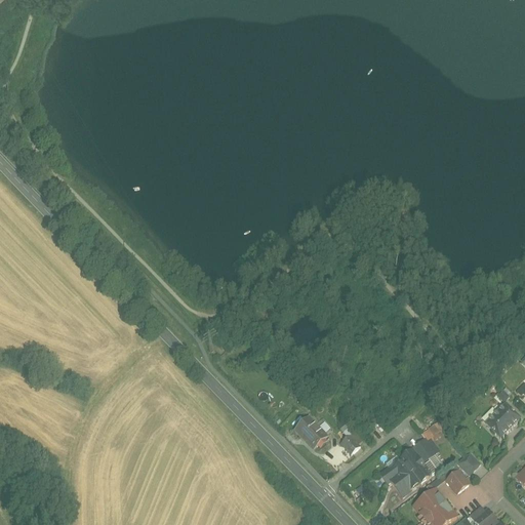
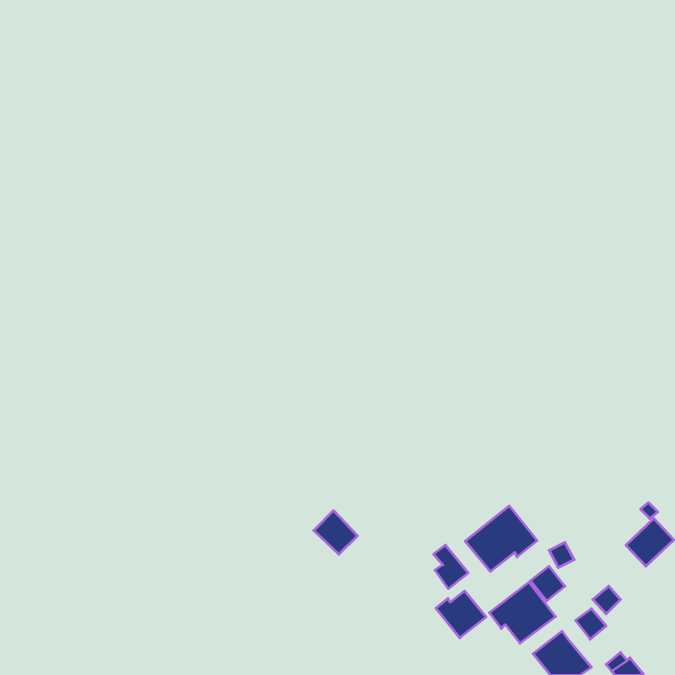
building: none -> [465,506,537,571]
building: [293,415,327,449] -> [314,511,357,554]
building: none -> [436,591,486,638]

